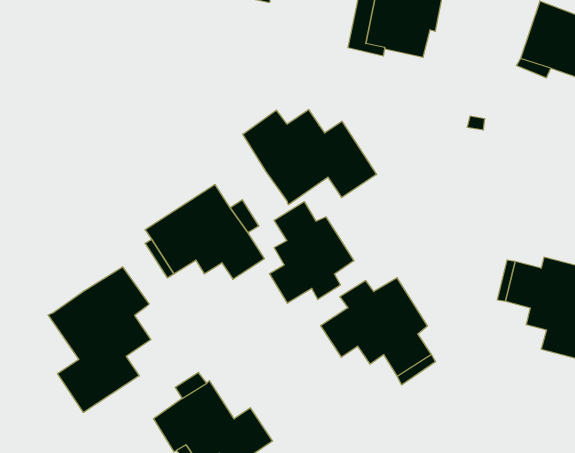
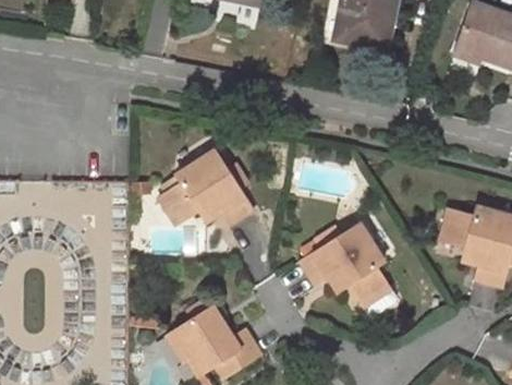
building: [243,110,377,205] -> none
building: [269,202,354,303] -> none
building: [48,267,151,412] -> none

